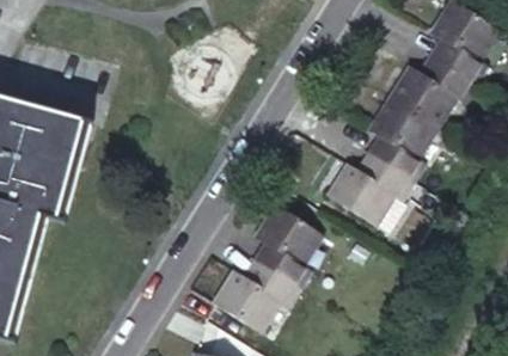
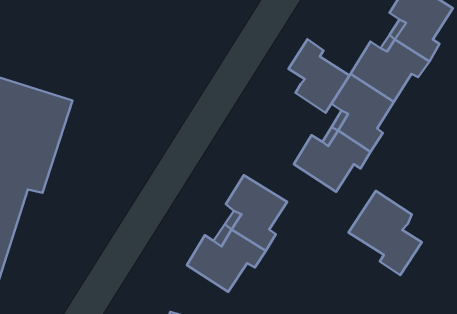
building: none -> [289,39,350,113]
building: none -> [349,191,422,275]

